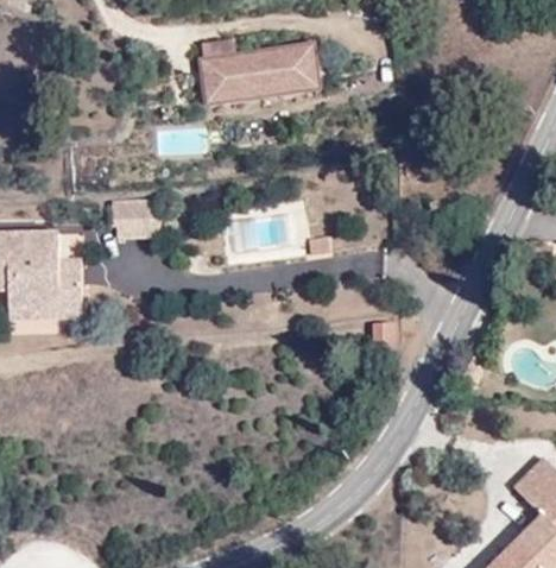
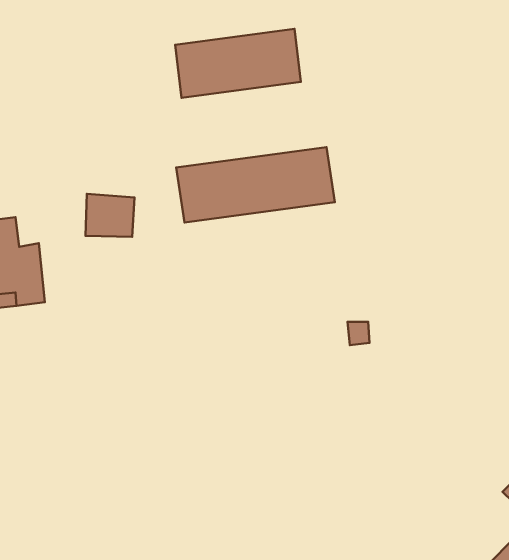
building: none -> [176,147,335,222]

